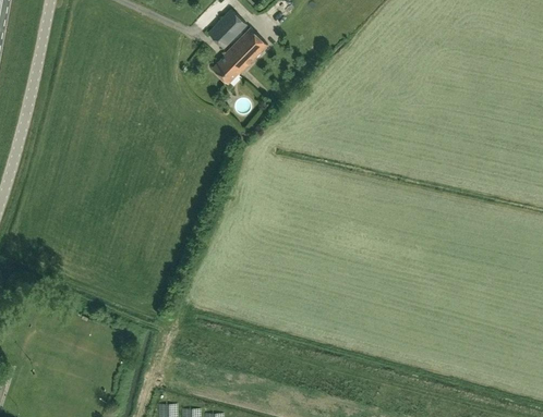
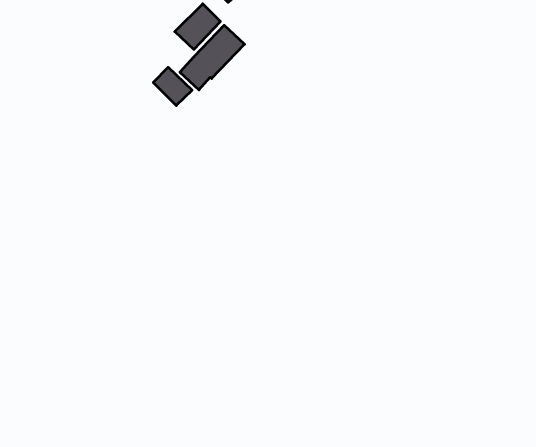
building: none -> [153,67,192,106]

